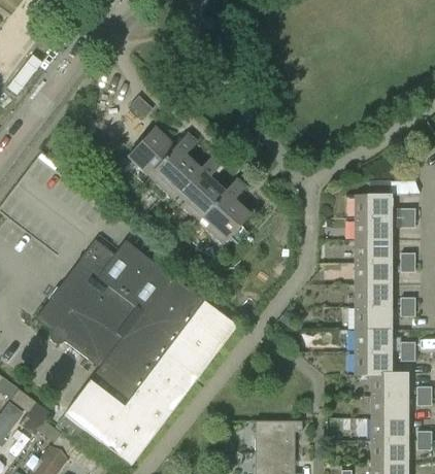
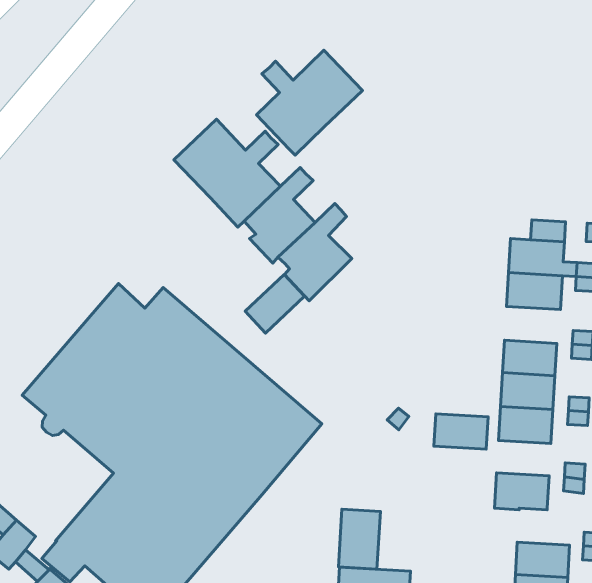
building: none -> [257,50,362,155]
building: none -> [245,274,305,333]
building: [355,239,391,262] -> none
building: [355,329,390,350] -> [434,414,488,449]
building: [371,372,406,396] -> none
building: none -> [338,509,380,569]

